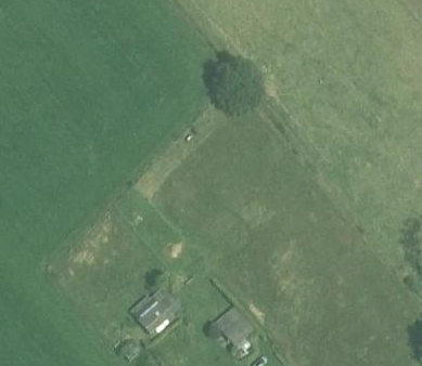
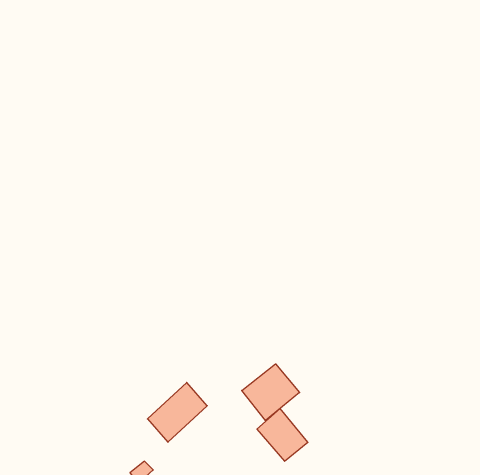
building: none -> [242,364,300,421]

